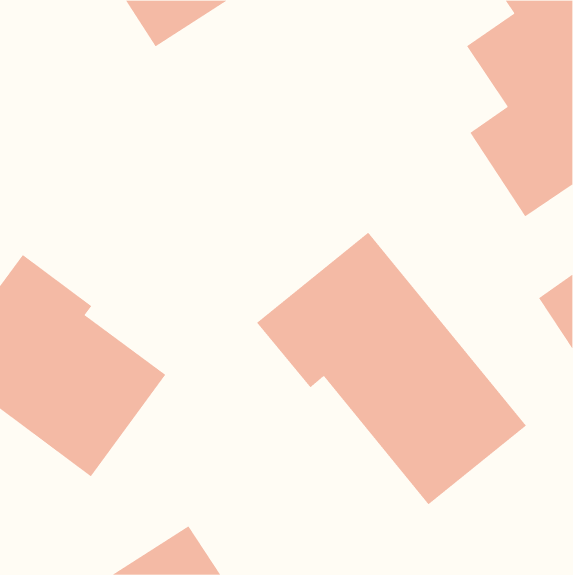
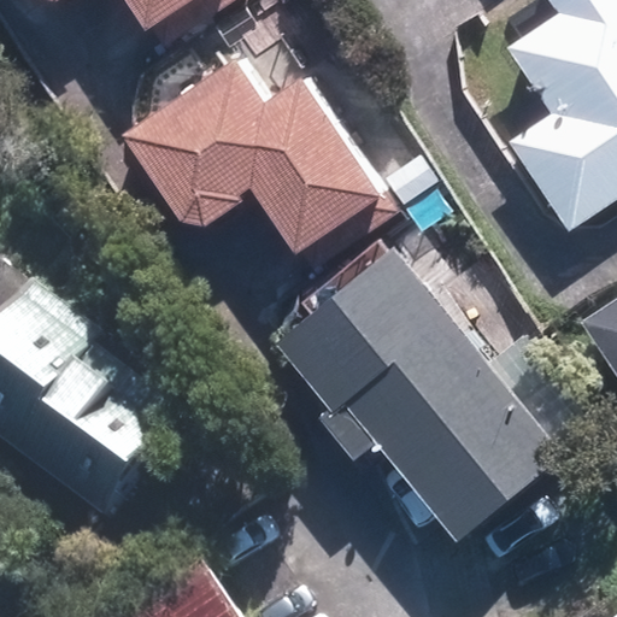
building: none -> [127,52,400,270]

